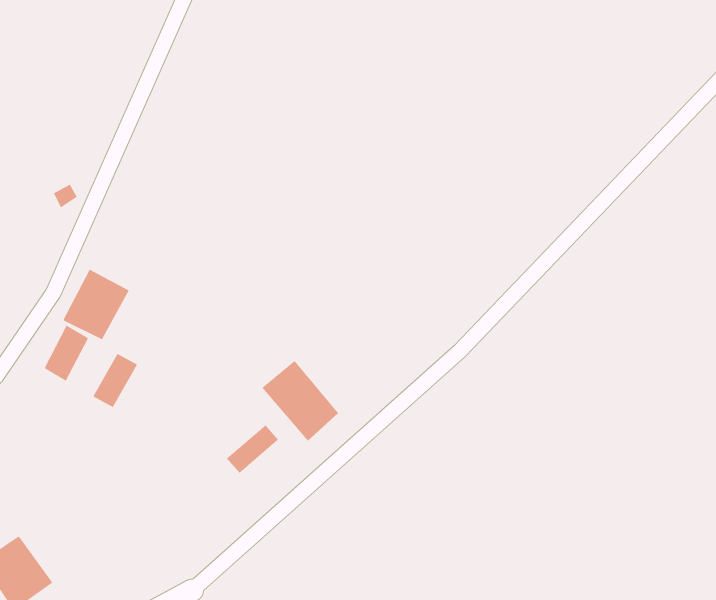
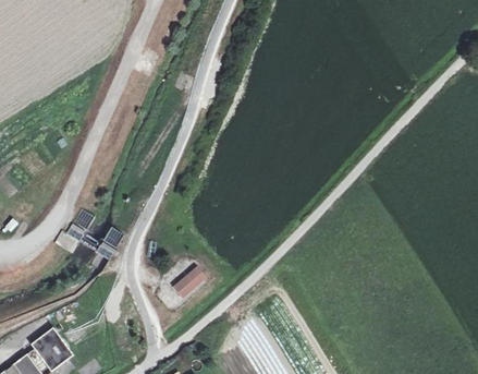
building: [63,269,129,340] -> none
building: [261,360,339,441] -> none

